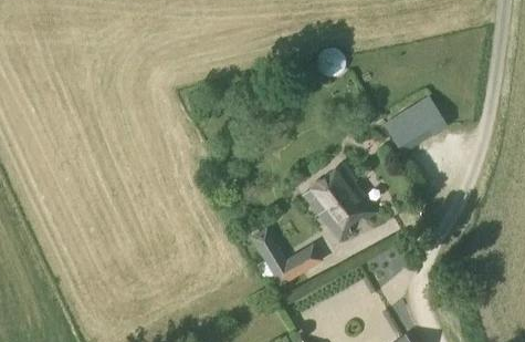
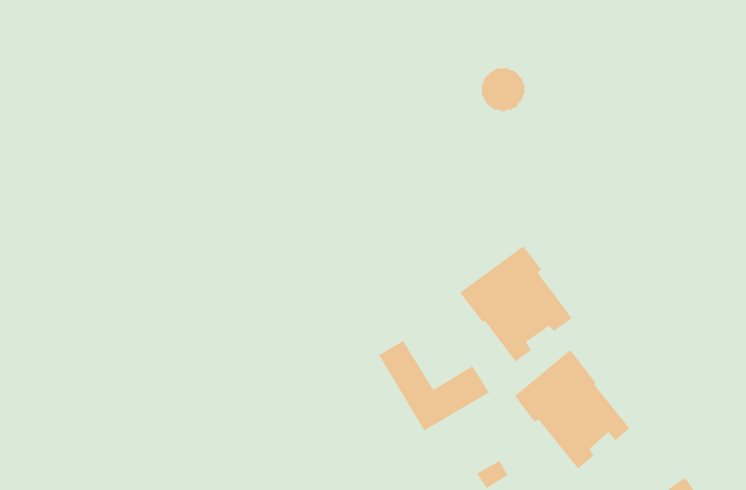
building: [389,105,445,153] -> none
building: none -> [514,349,630,469]

